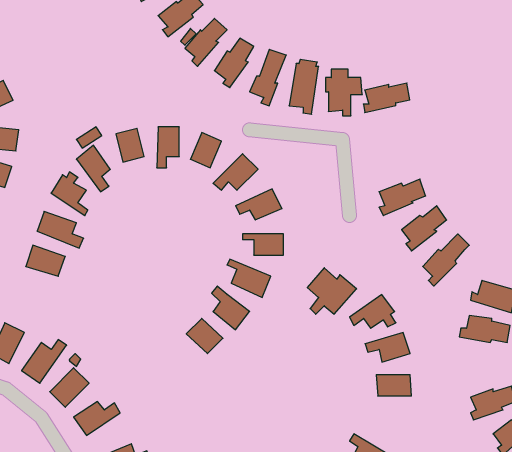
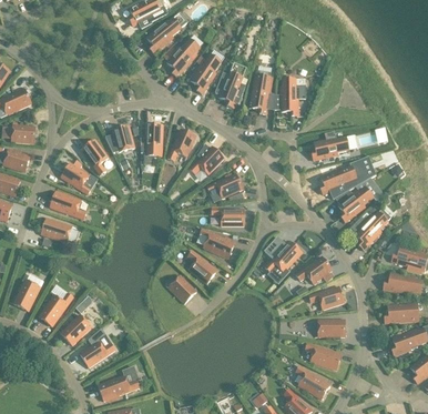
building: [363,83,410,113] -> [313,137,349,160]
building: none -> [385,303,419,323]
building: none -> [305,343,342,370]

